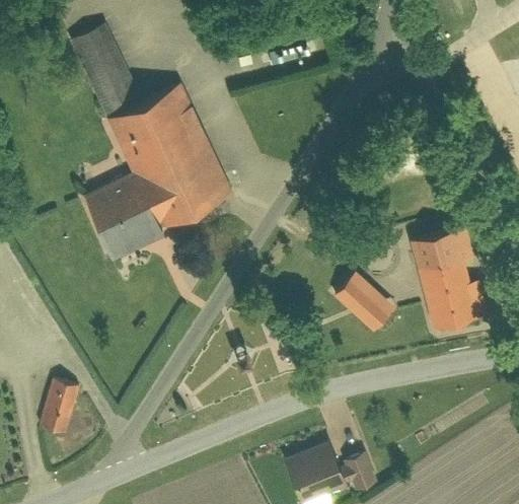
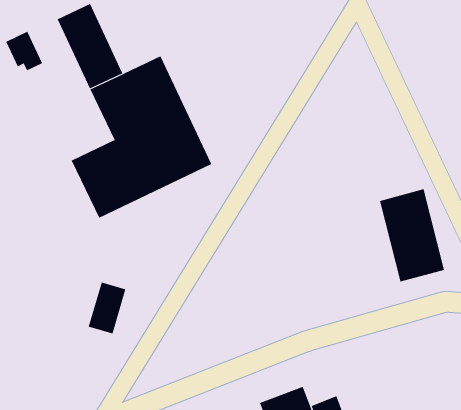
building: none -> [6,31,43,71]
building: [335,271,397,333] -> none
building: [41,374,82,431] -> [88,282,126,334]

